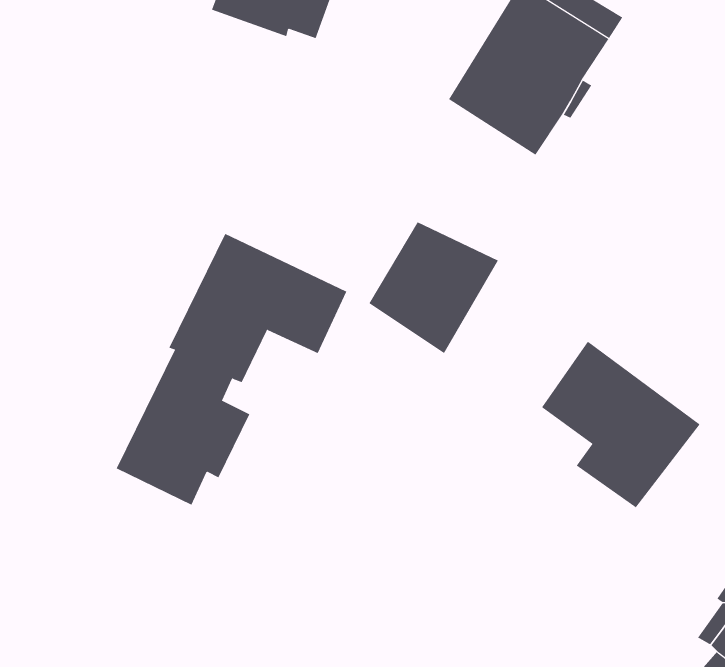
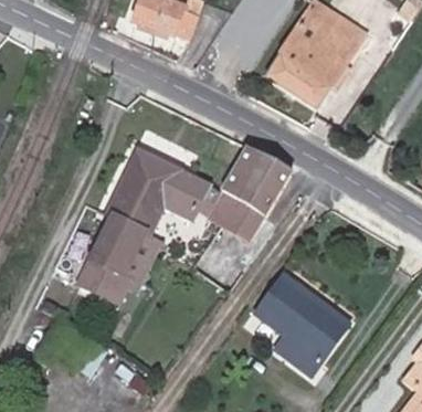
building: none -> [202,191,262,243]
building: [541,341,700,508] -> [255,278,346,373]

